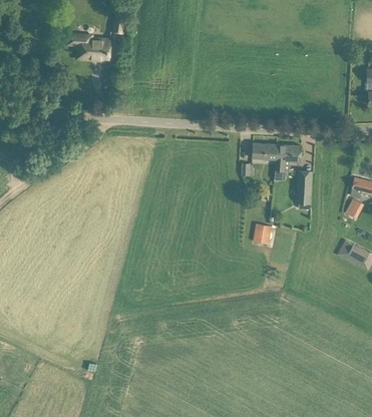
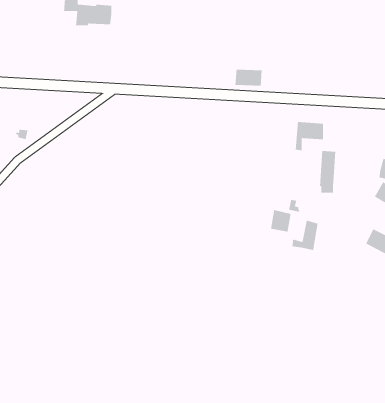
building: [252,143,277,159] -> [235,69,262,87]
building: none -> [292,219,319,251]

